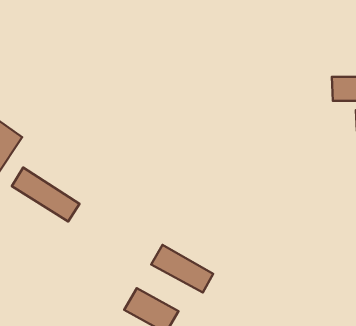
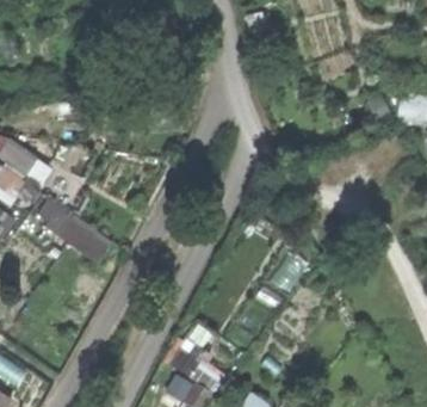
building: [151,245,213,293] -> none

